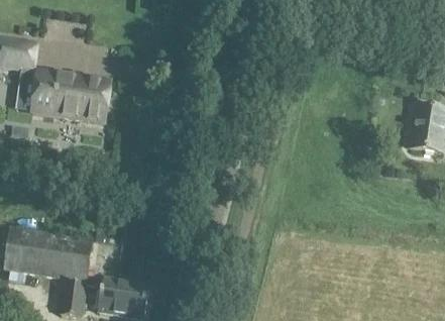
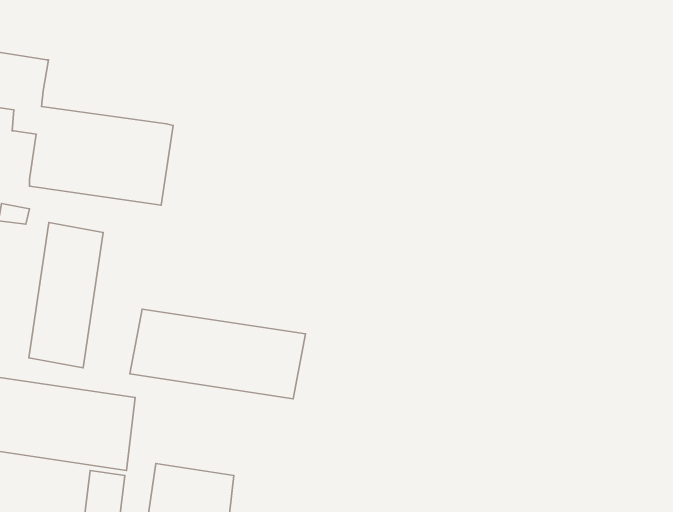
building: none -> [29,223,103,368]
building: none -> [130,309,306,399]

